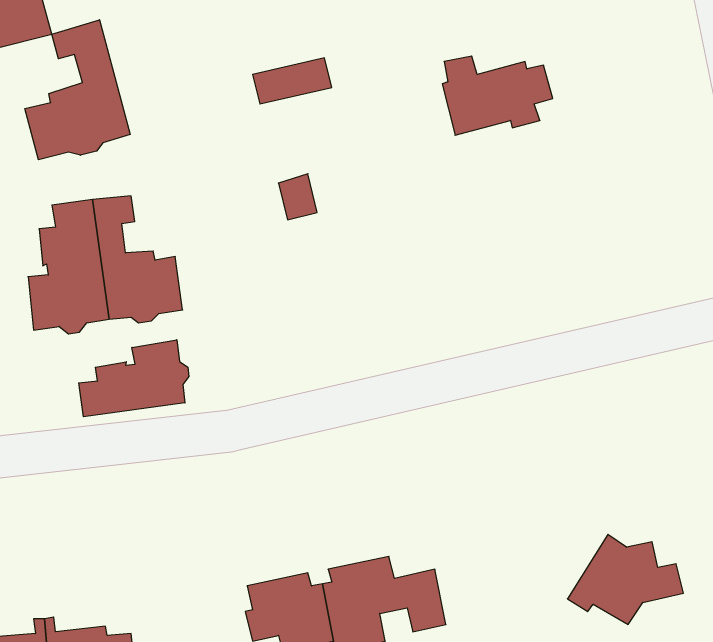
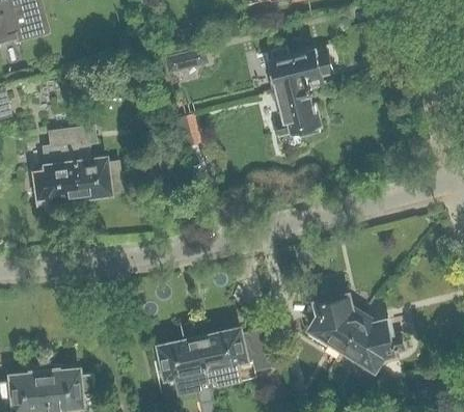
building: [25,20,130,160] -> none
building: none -> [274,83,319,139]
building: [79,340,189,417] -> none
building: none -> [308,290,361,353]

